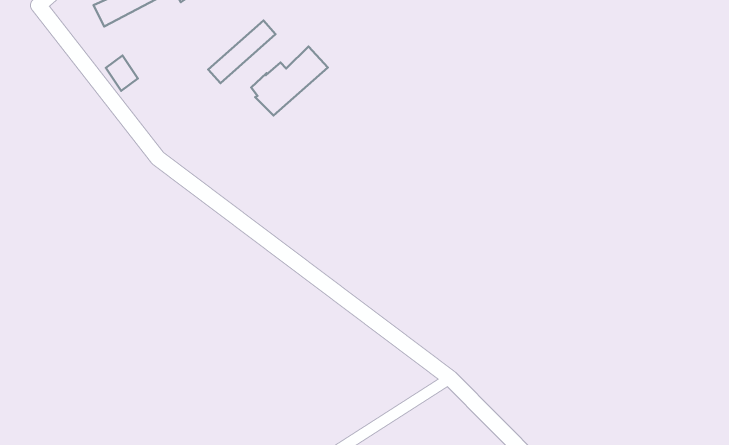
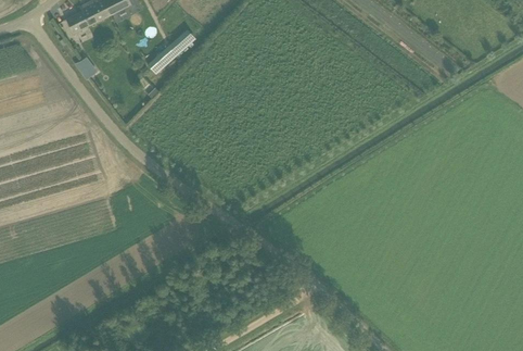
building: [251,47,328,116] -> none

